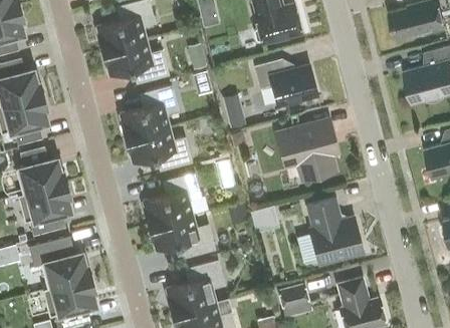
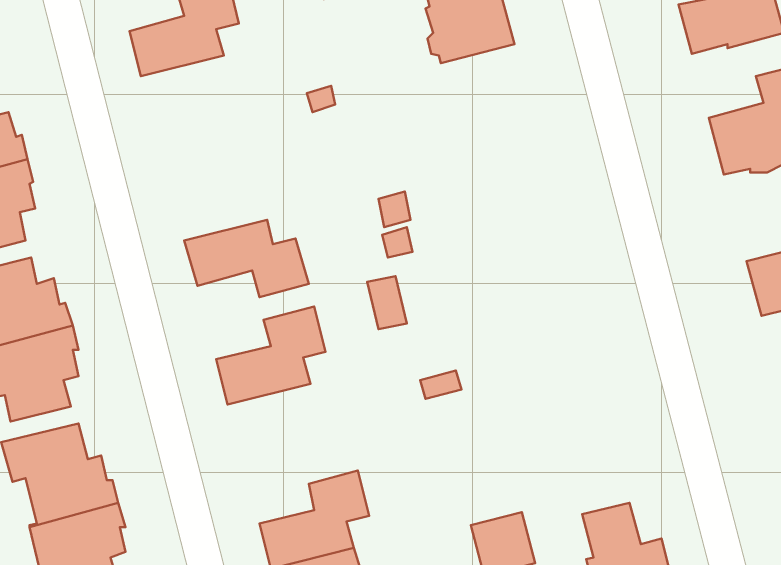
building: [102,40,169,81] -> none
building: [254,59,317,105] -> none
building: [120,85,178,138] -> none
building: [278,121,338,178] -> none
building: [307,199,363,264] -> none
building: [149,215,215,257] -> none

